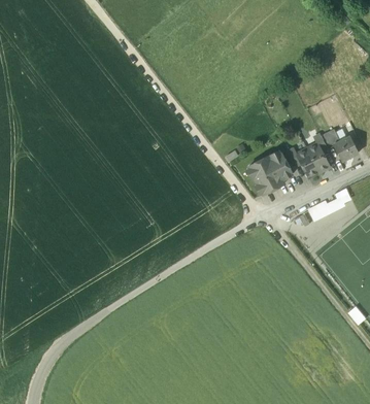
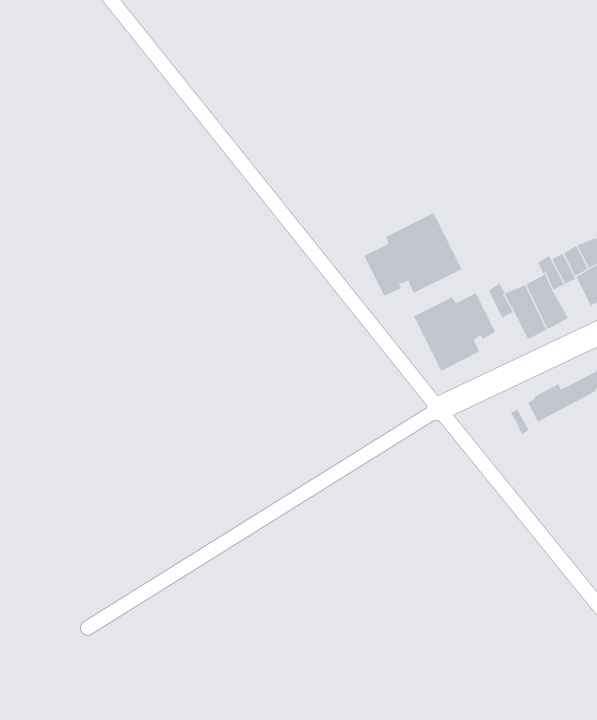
building: none -> [364,212,462,296]

